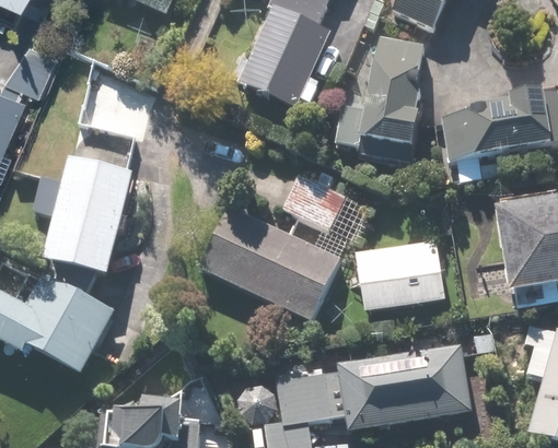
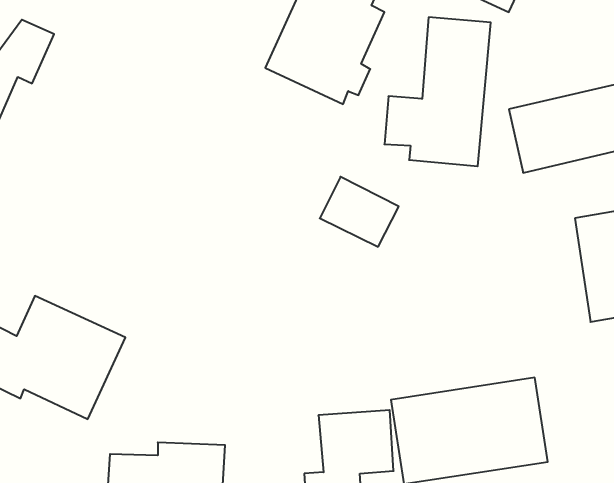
building: [32,161,128,276] -> none
building: [191,201,341,321] -> none
building: [354,239,444,309] -> none

